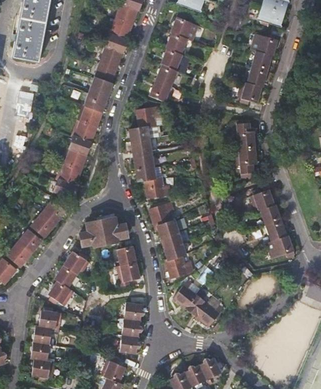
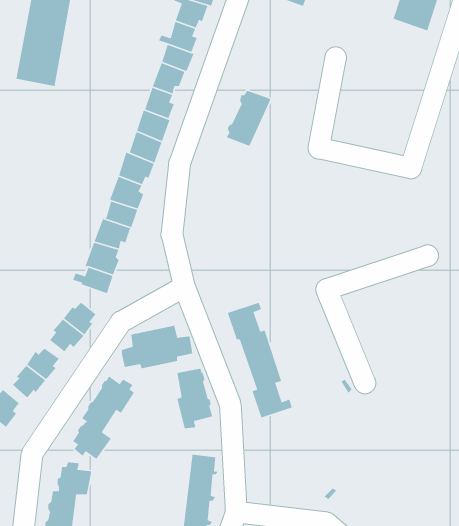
building: [161,13,200,69] -> none
building: [239,33,279,103] -> none
building: [130,106,170,198] -> none
building: [234,118,258,177] -> none
building: [250,188,295,258] -> none
building: [174,280,223,326] -> none

